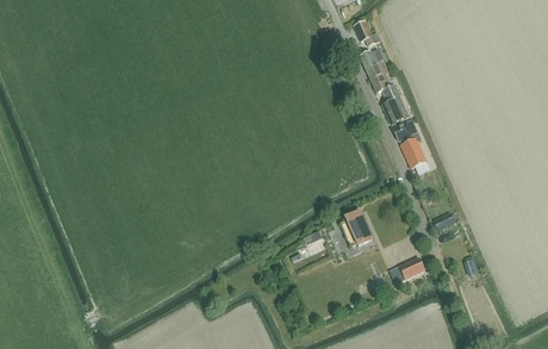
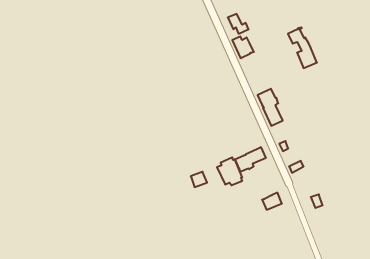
building: [370,70,409,124] -> [288,27,317,68]
building: none -> [235,147,266,172]

